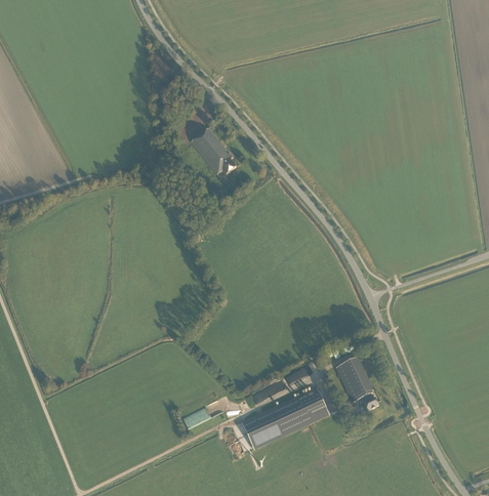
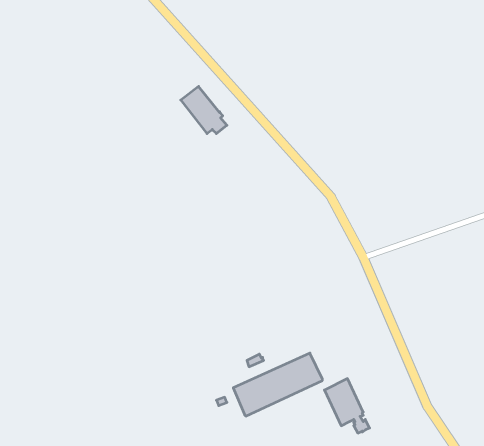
building: [335,357,379,410] -> [324,379,370,433]

